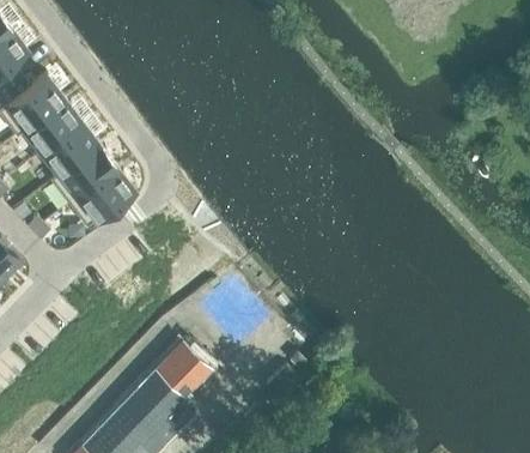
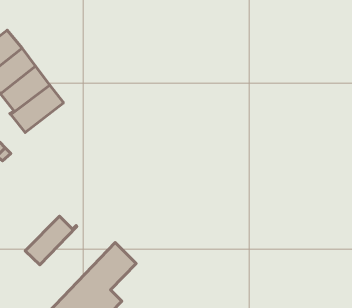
building: [68,165,135,226] -> none
building: none -> [25,216,77,265]

